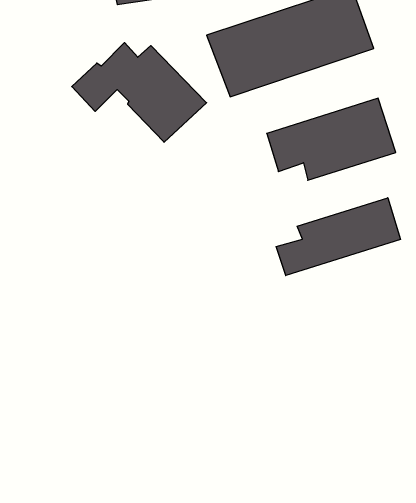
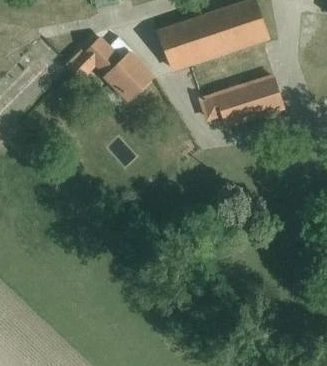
building: [276,198,400,276] -> none

